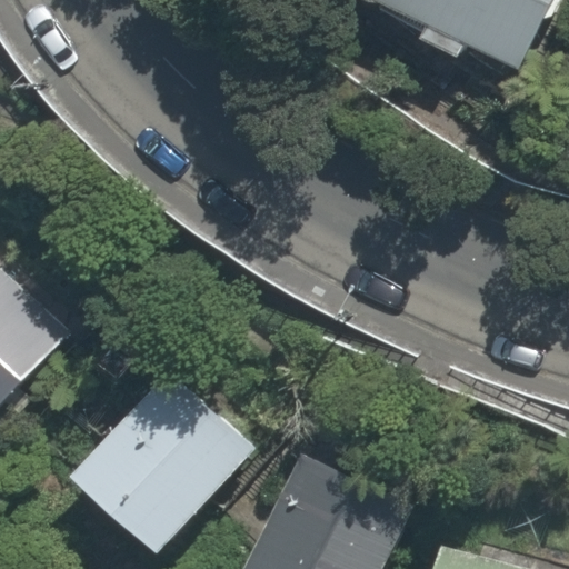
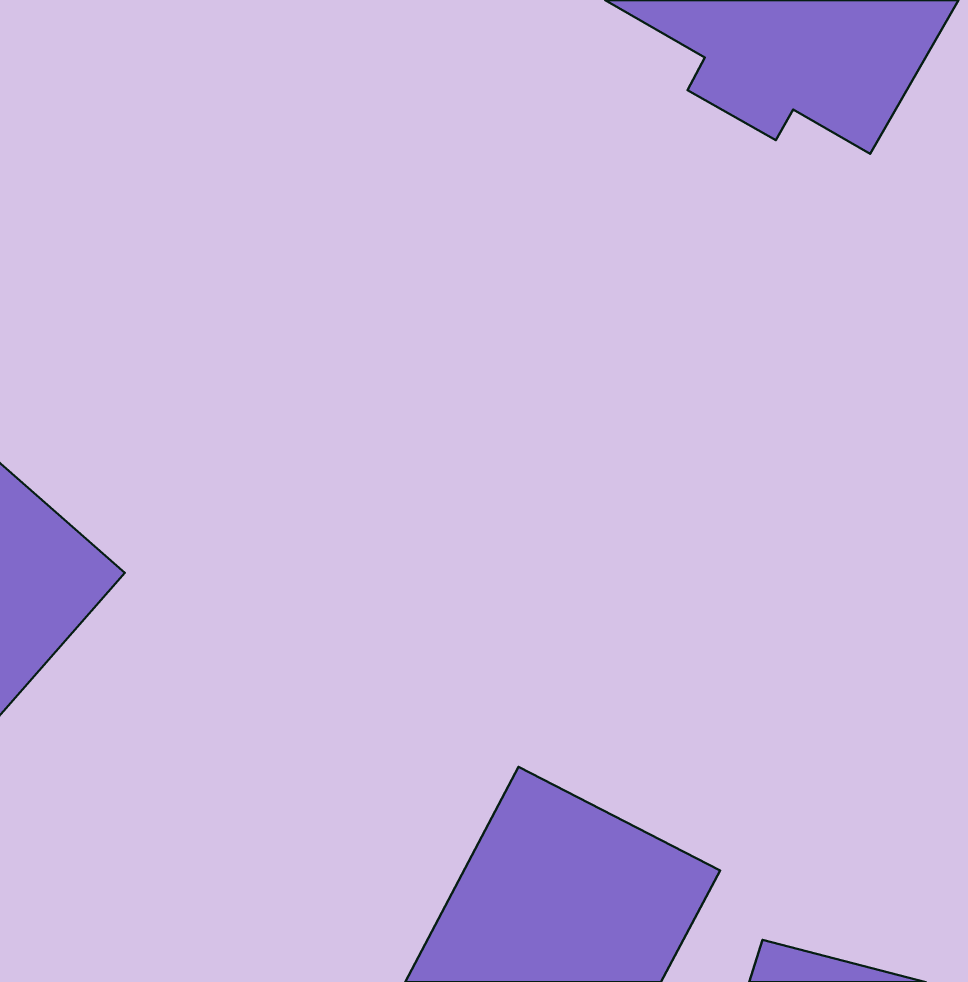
building: [80,390,252,542] -> none

